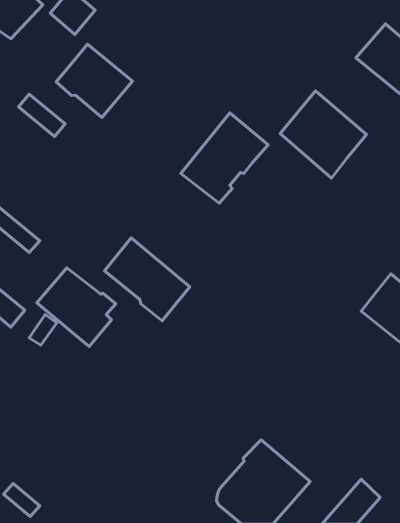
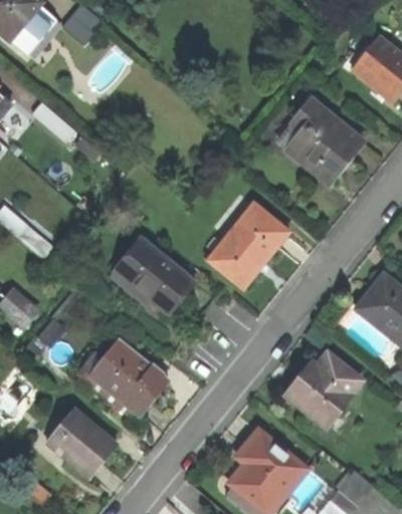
building: [56,44,132,117] -> none
building: [181,113,268,203] -> [207,201,289,286]
building: [37,268,116,346] -> [94,342,169,417]
building: none -> [286,352,361,427]
building: none -> [44,407,116,477]

